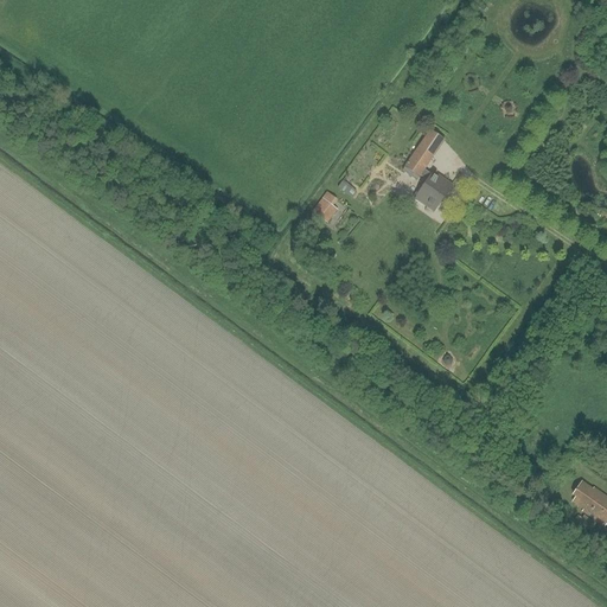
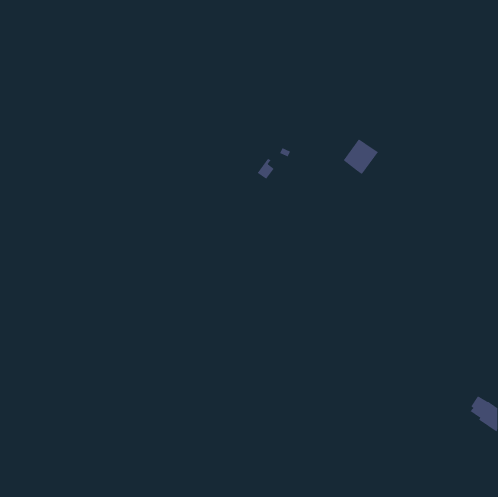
building: [405,126,447,177] -> none

